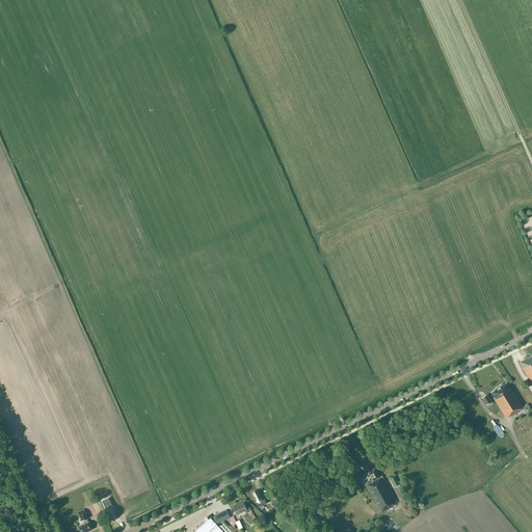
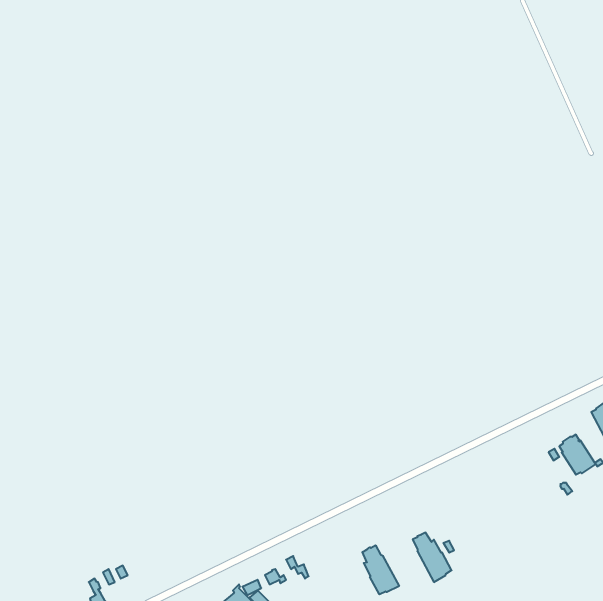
building: none -> [362,545,399,594]

